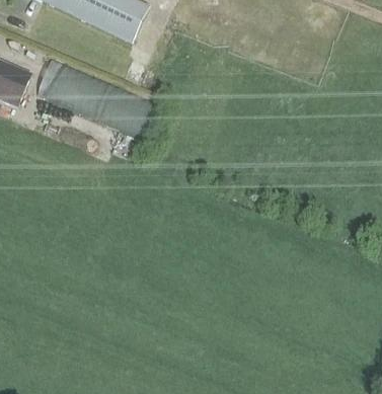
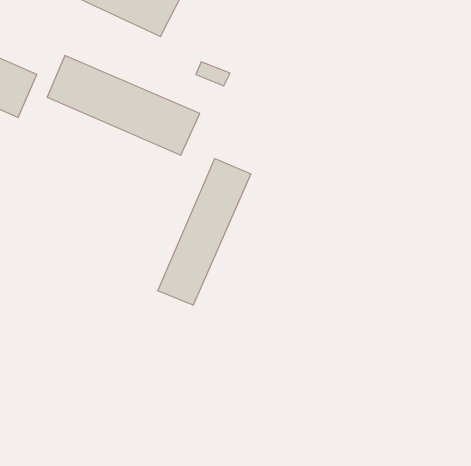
building: none -> [158,159,251,305]

